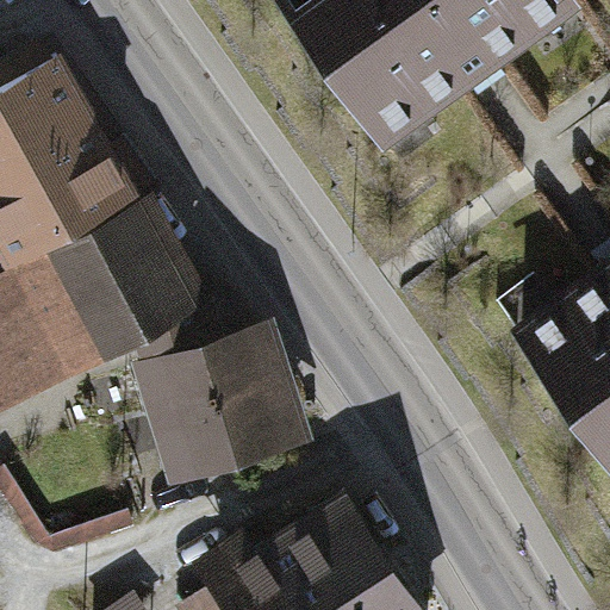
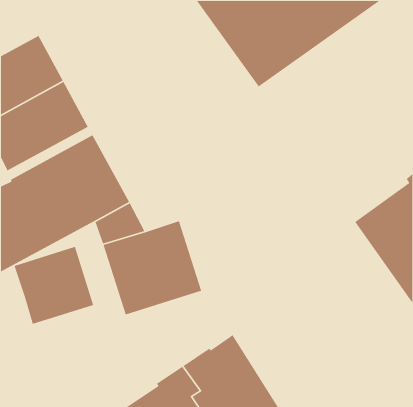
building: none -> [13,246,94,325]

